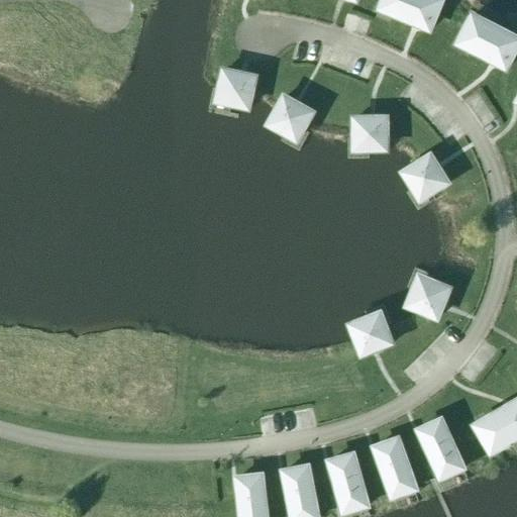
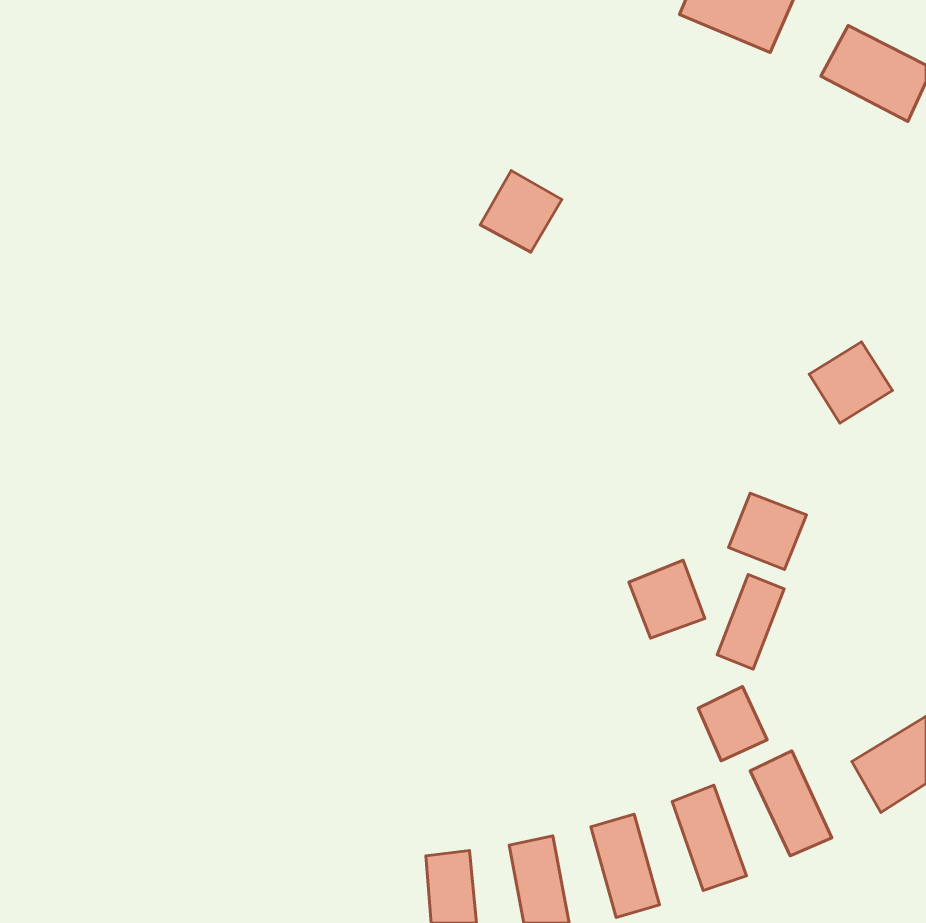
building: [217,69,255,109] -> none
building: [354,116,387,150] -> none
building: [402,154,448,200] -> [809,342,892,423]
building: none -> [717,575,784,669]
building: none -> [698,687,767,761]

